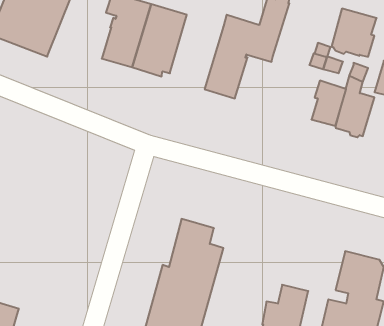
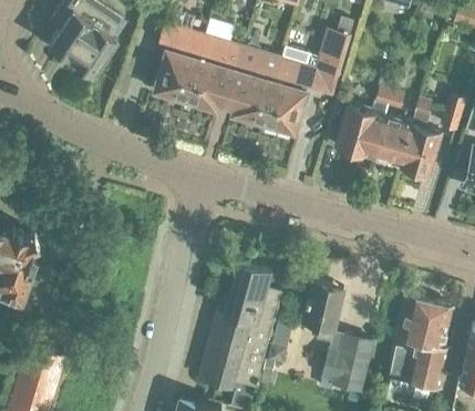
building: [331,9,377,57] -> [335,106,383,157]
building: none -> [225,47,281,125]
building: none -> [302,284,344,346]

